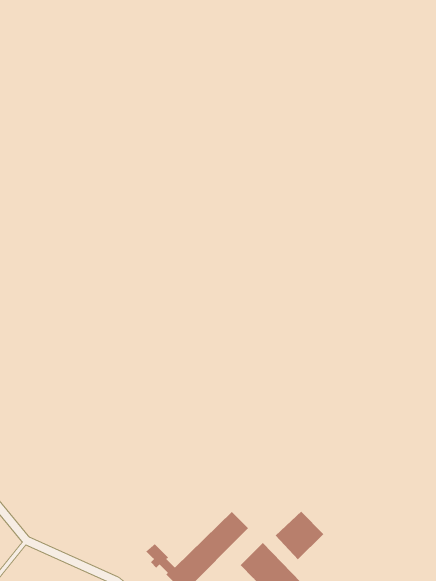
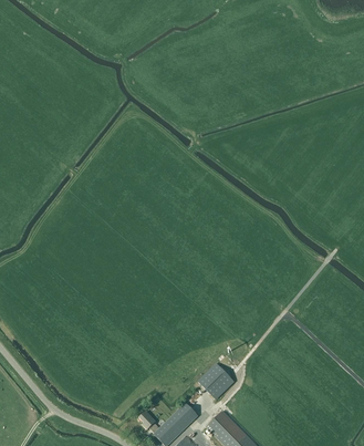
building: [275,511,324,560] -> [198,363,233,398]

